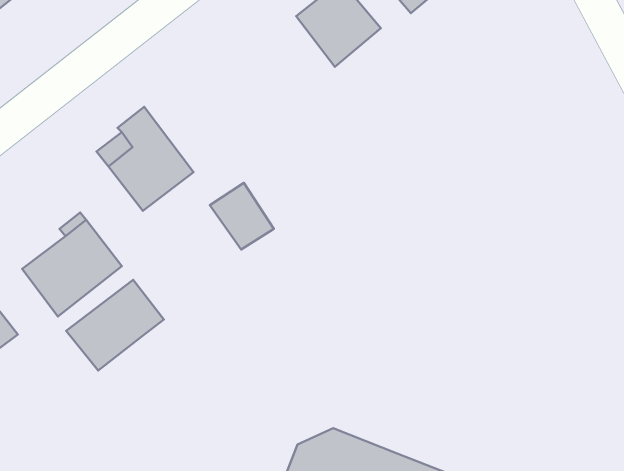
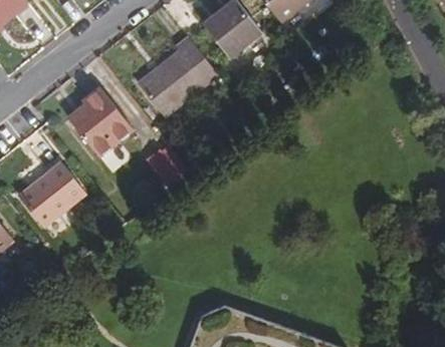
building: none -> [137,39,216,119]
building: [66,280,164,371] -> none

